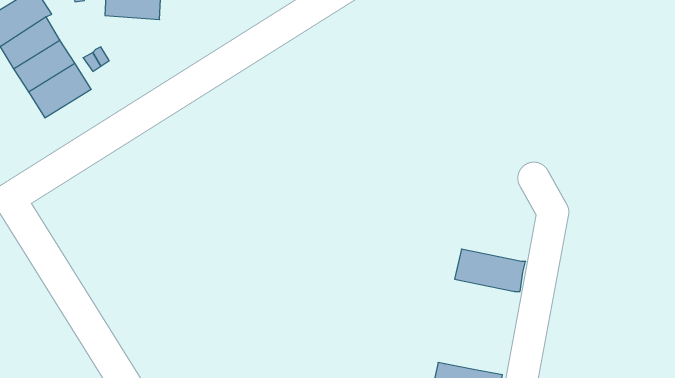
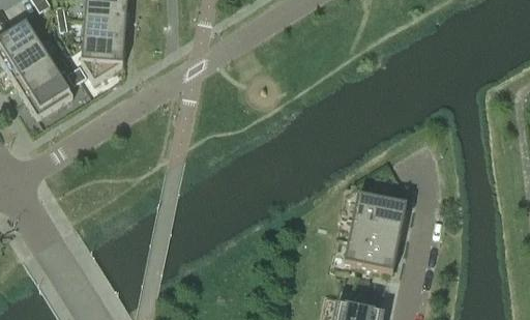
building: none -> [81,38,124,81]
building: none -> [353,192,407,225]
building: none -> [344,238,398,270]

